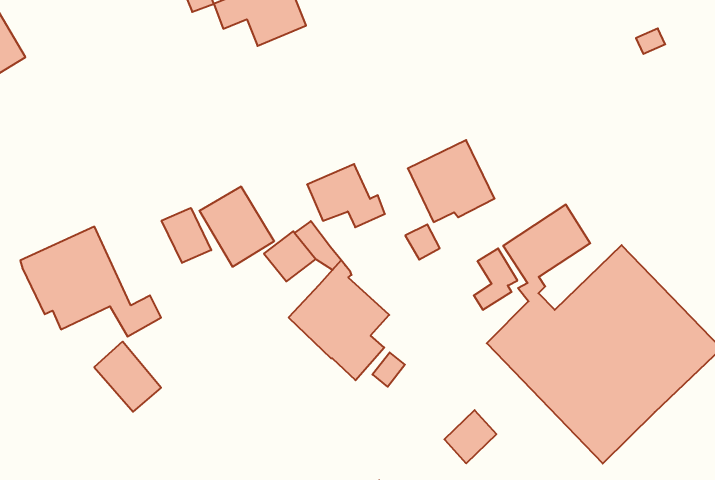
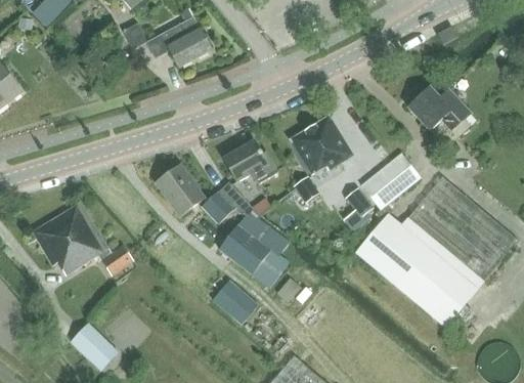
building: none -> [408,87,473,137]
building: [162,208,211,263] -> none
building: [94,342,161,412] -> [72,323,119,370]
building: none -> [213,280,258,324]
building: [444,410,496,463] -> none

